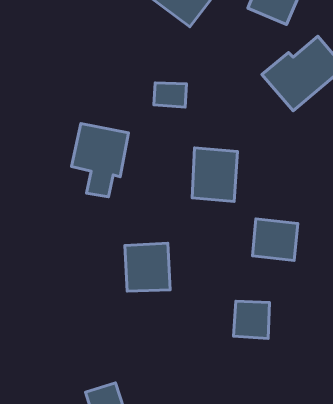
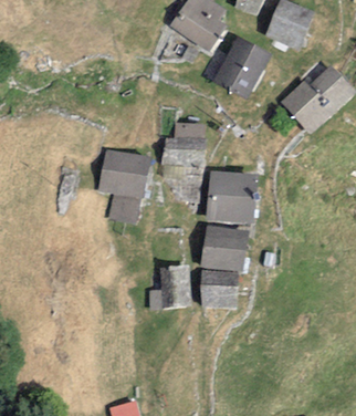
building: none -> [214,37,270,94]
building: none -> [167,136,201,167]
building: [252,219,298,261] -> [200,227,243,267]
building: [233,301,269,338] -> [202,271,237,306]

